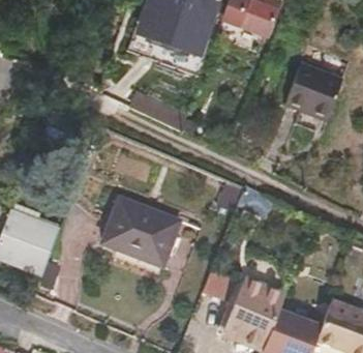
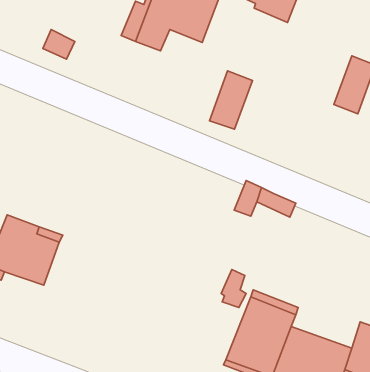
building: [283,63,321,114] -> [210,71,252,129]
building: [114,194,192,262] -> none

